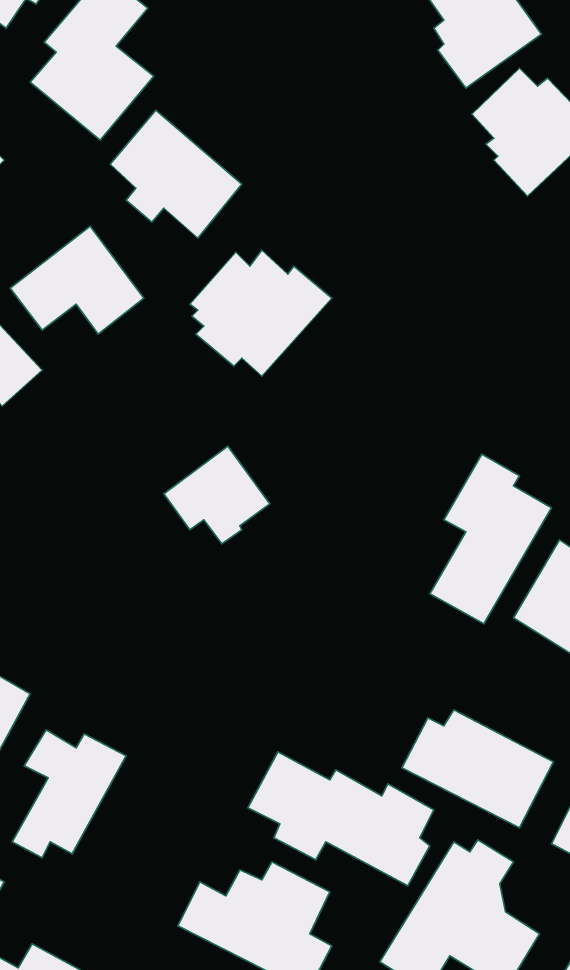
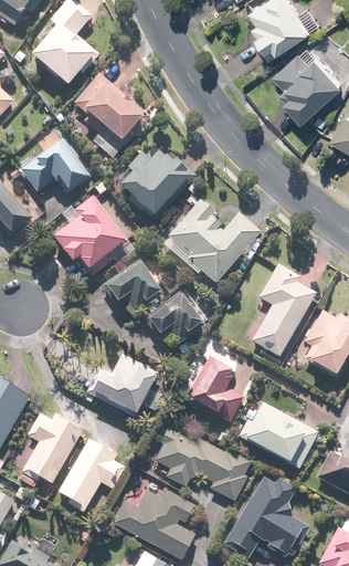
building: none -> [52,193,124,269]
building: none -> [162,199,262,284]
building: none -> [141,286,209,347]
building: none -> [88,353,158,419]
building: none -> [186,355,247,423]
building: none -> [57,438,126,512]

